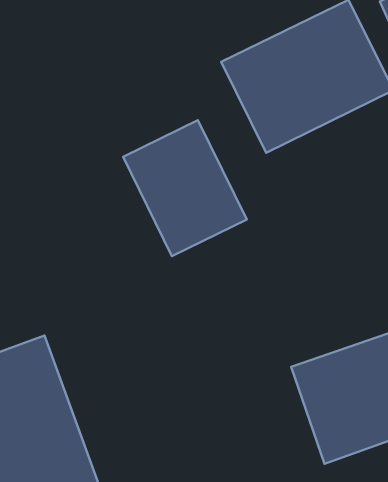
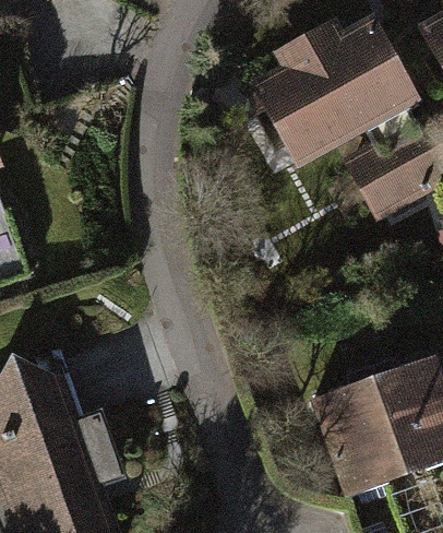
building: [123,120,247,256] -> none

